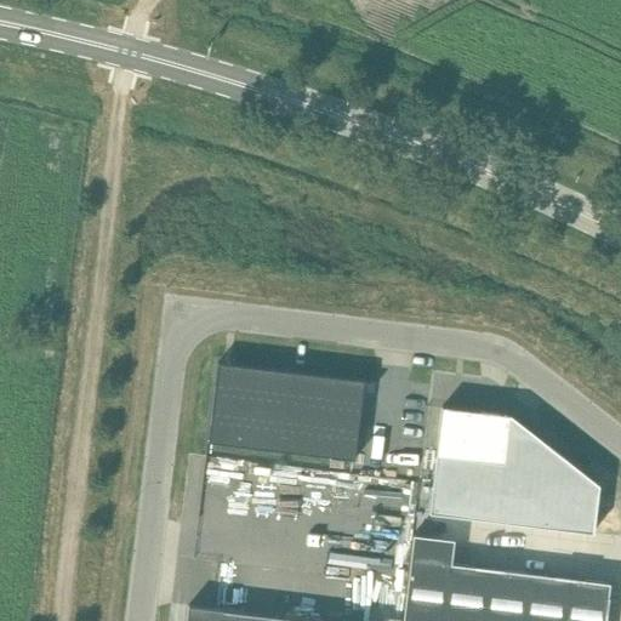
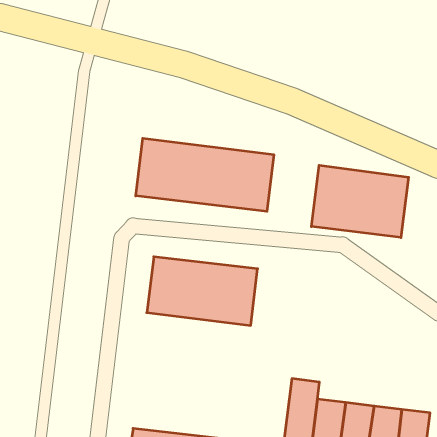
building: none -> [136,138,274,211]
building: none -> [311,165,409,238]
building: [432,409,602,535] -> none

